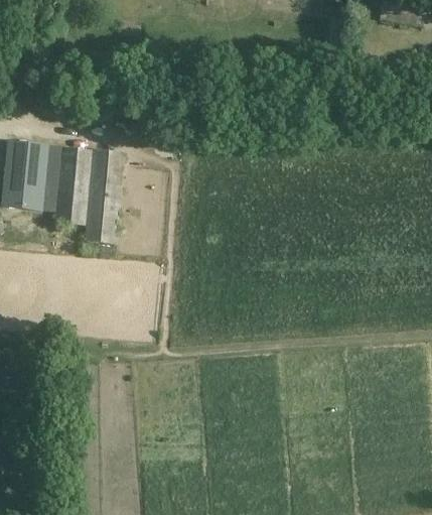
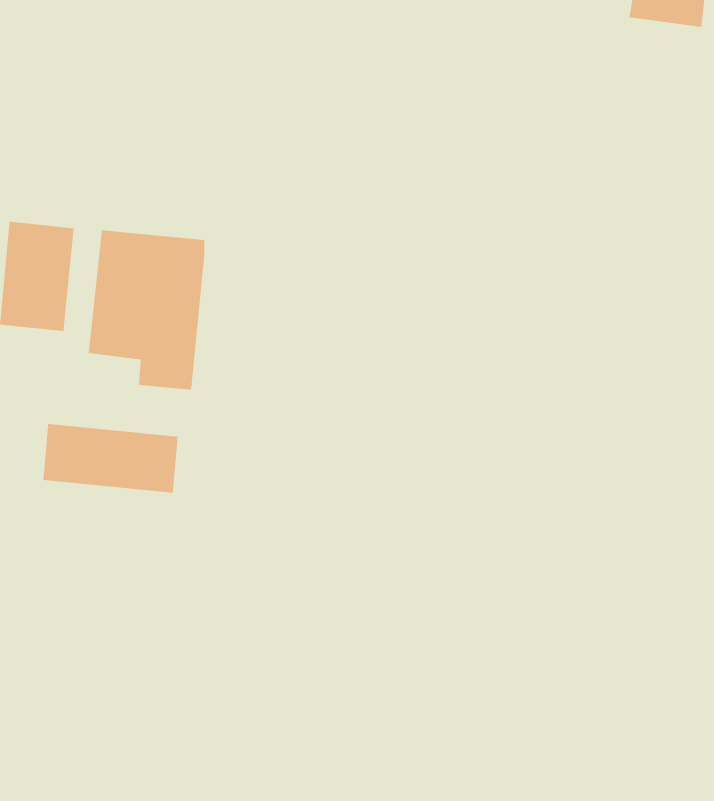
building: none -> [42,423,179,493]

